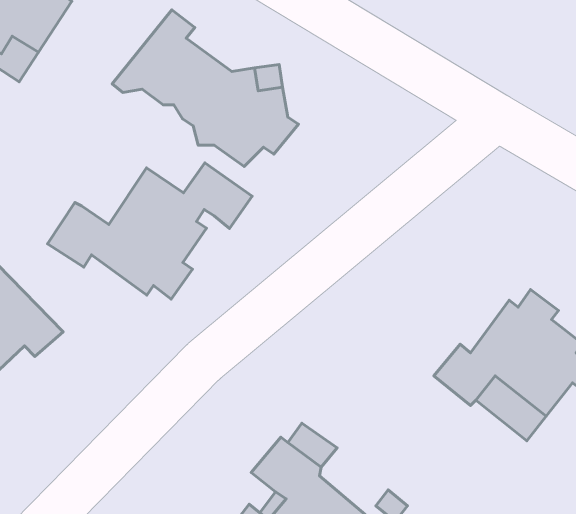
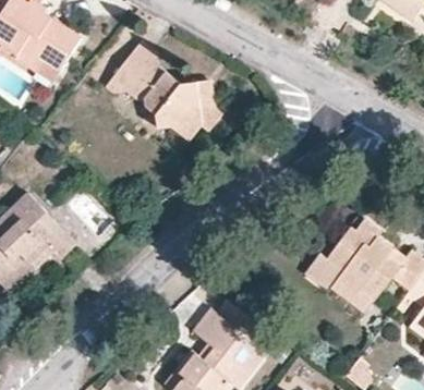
building: [47,163,252,299] -> none

